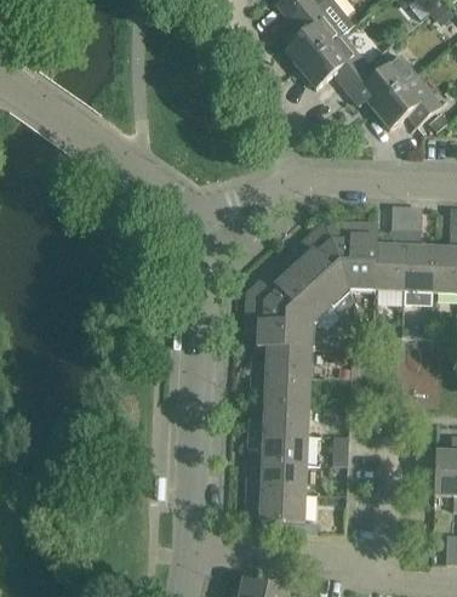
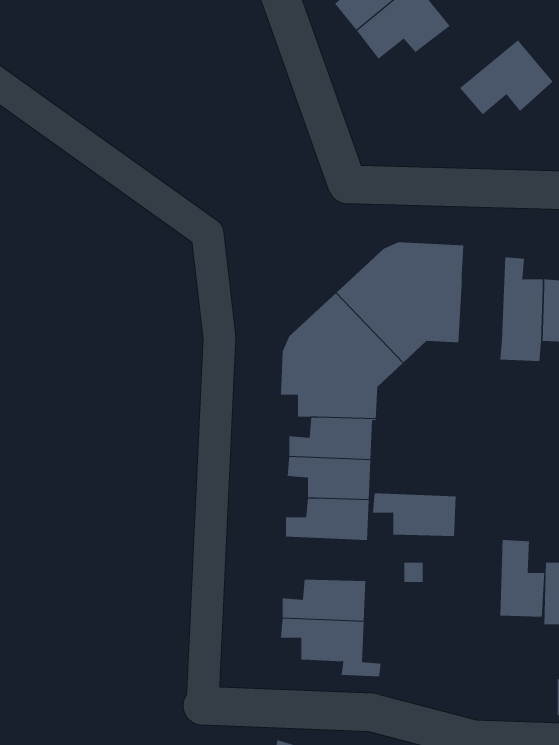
building: [343,55,417,109] -> none
building: [375,231,407,292] -> none
building: [249,432,309,464] -> [372,493,457,537]
building: none -> [500,539,545,618]

